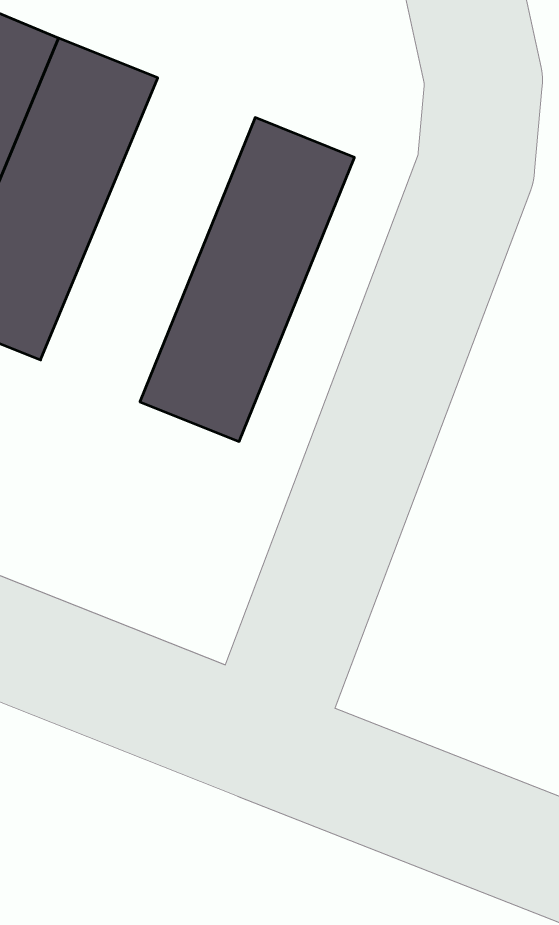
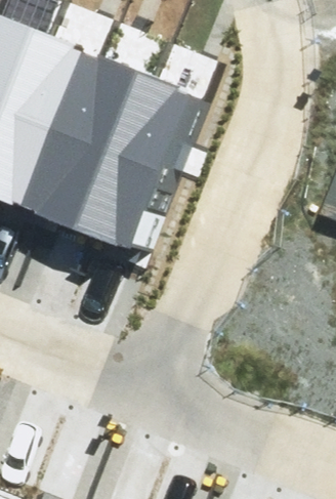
building: none -> [40,59,151,226]

